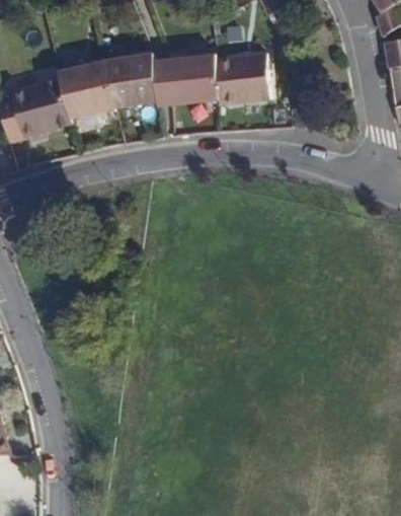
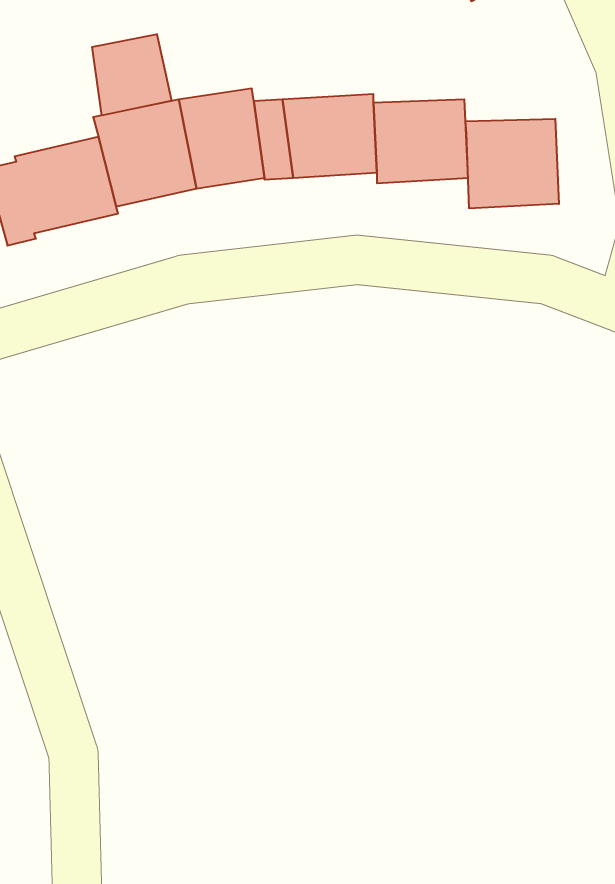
building: none -> [92,34,171,115]
building: none -> [465,119,559,208]

